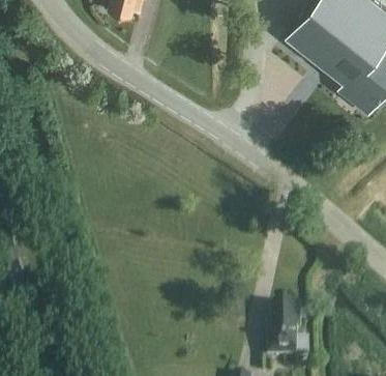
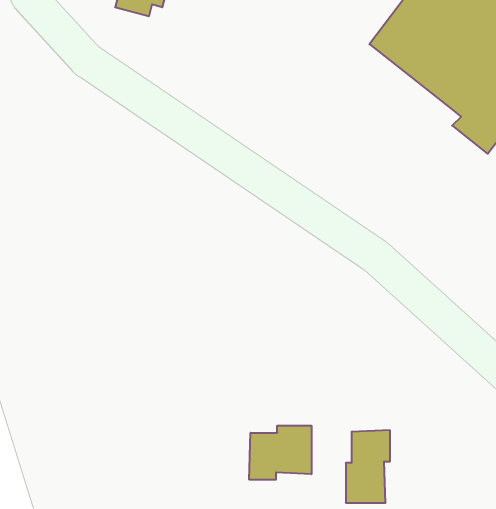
building: none -> [249,426,311,480]

